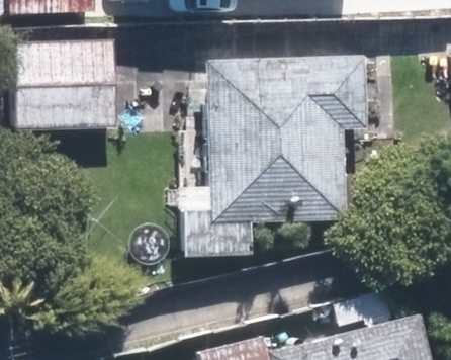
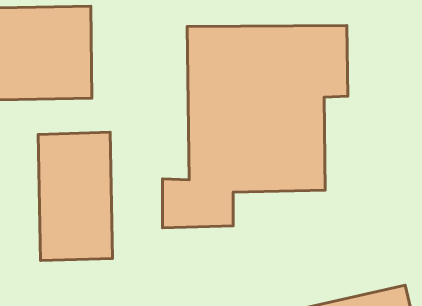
building: none -> [38,132,112,261]

